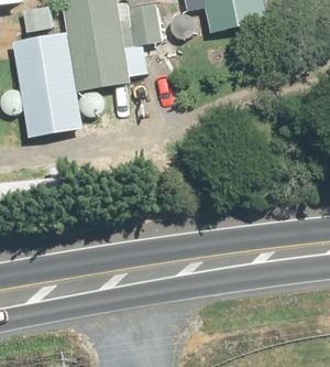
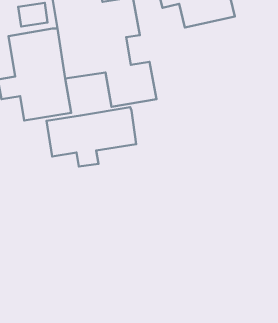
building: none -> [46,107,136,166]

